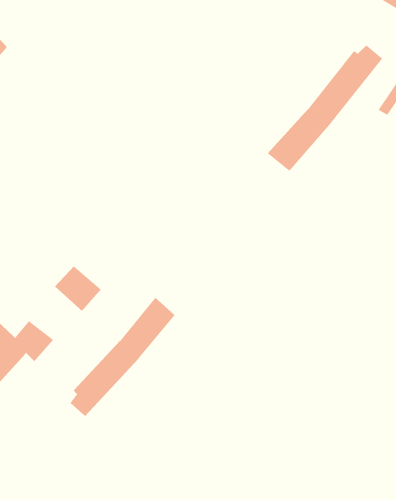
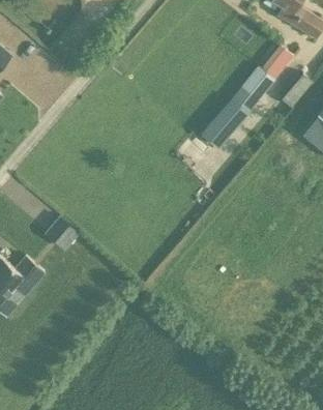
building: [70,297,175,417] -> none

